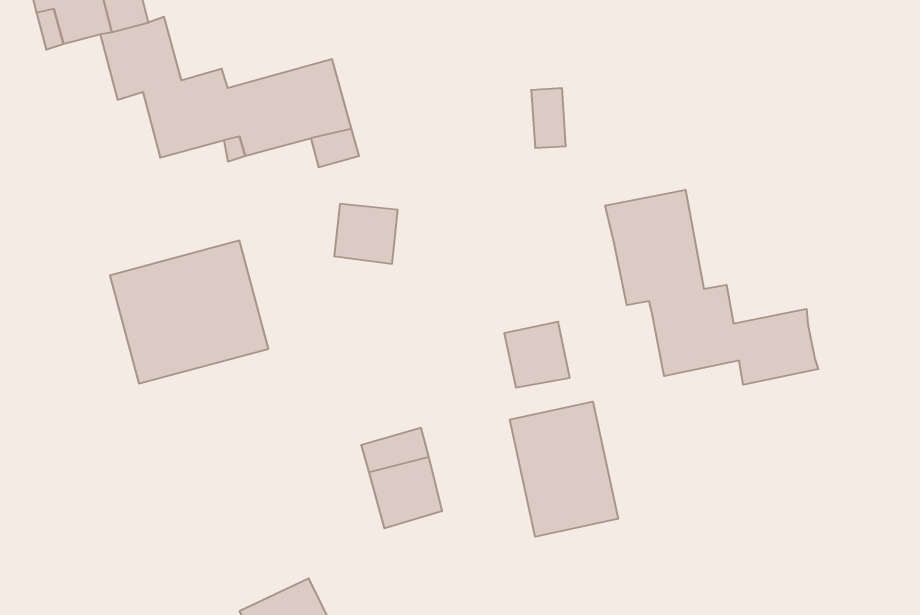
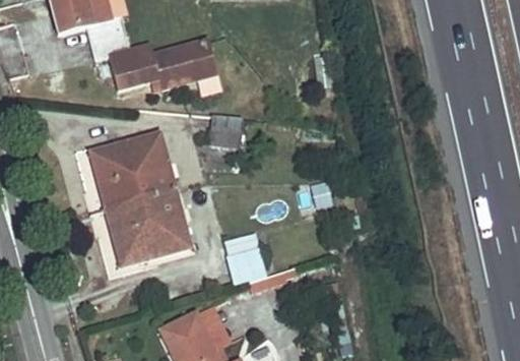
building: [605,190,818,385] -> none
building: none -> [107,190,190,265]
building: [510,402,618,537] -> none

